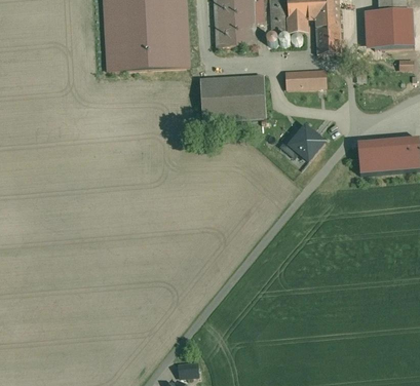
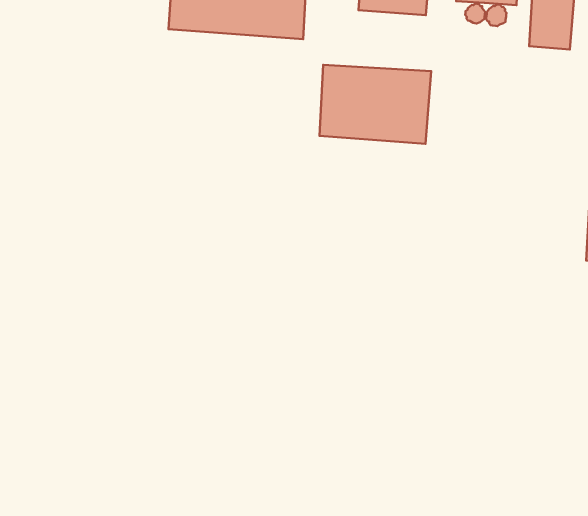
building: [285,70,326,87] -> none
building: [290,125,324,160] -> none

